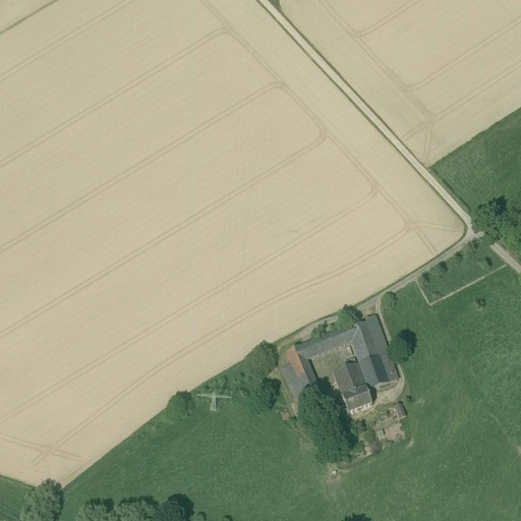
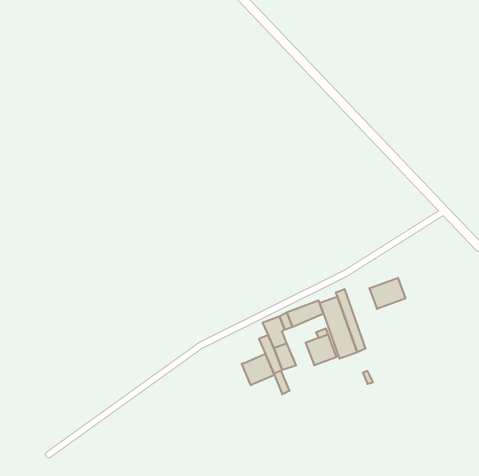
building: none -> [369,278,405,309]
building: none -> [242,354,274,385]
building: [341,387,371,412] -> none

